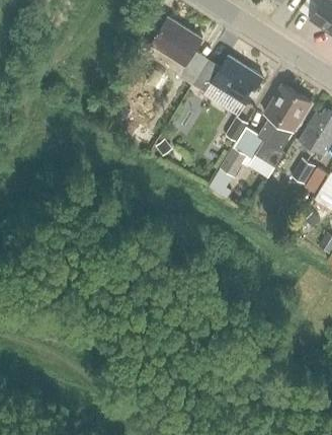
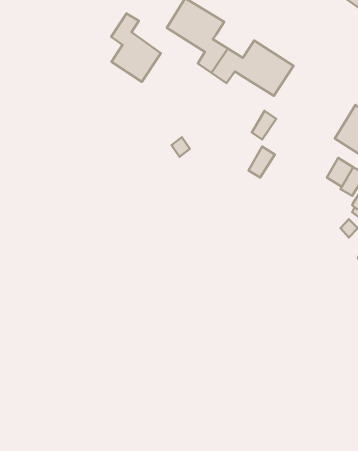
building: none -> [111,13,161,82]
building: [255,84,312,167] -> none

